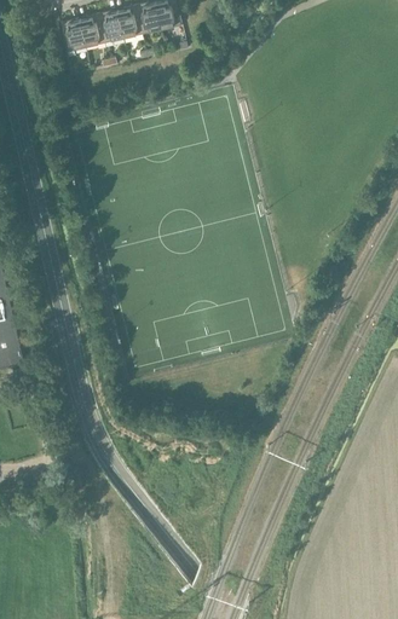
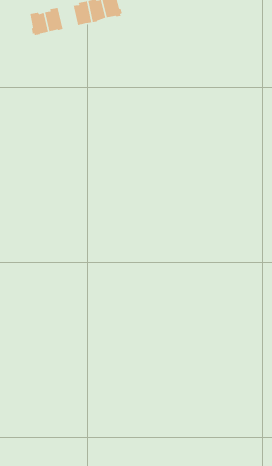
building: [92,12,117,45] -> none

